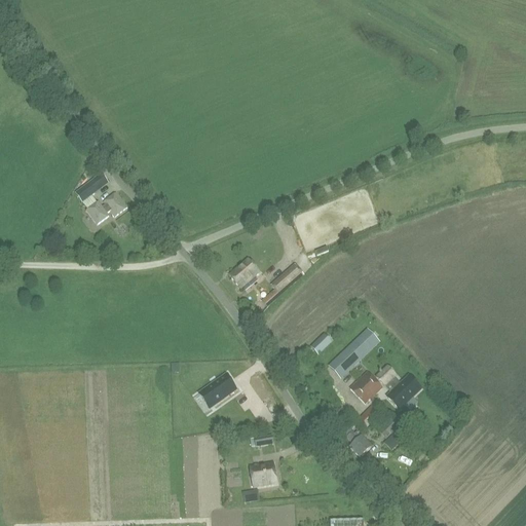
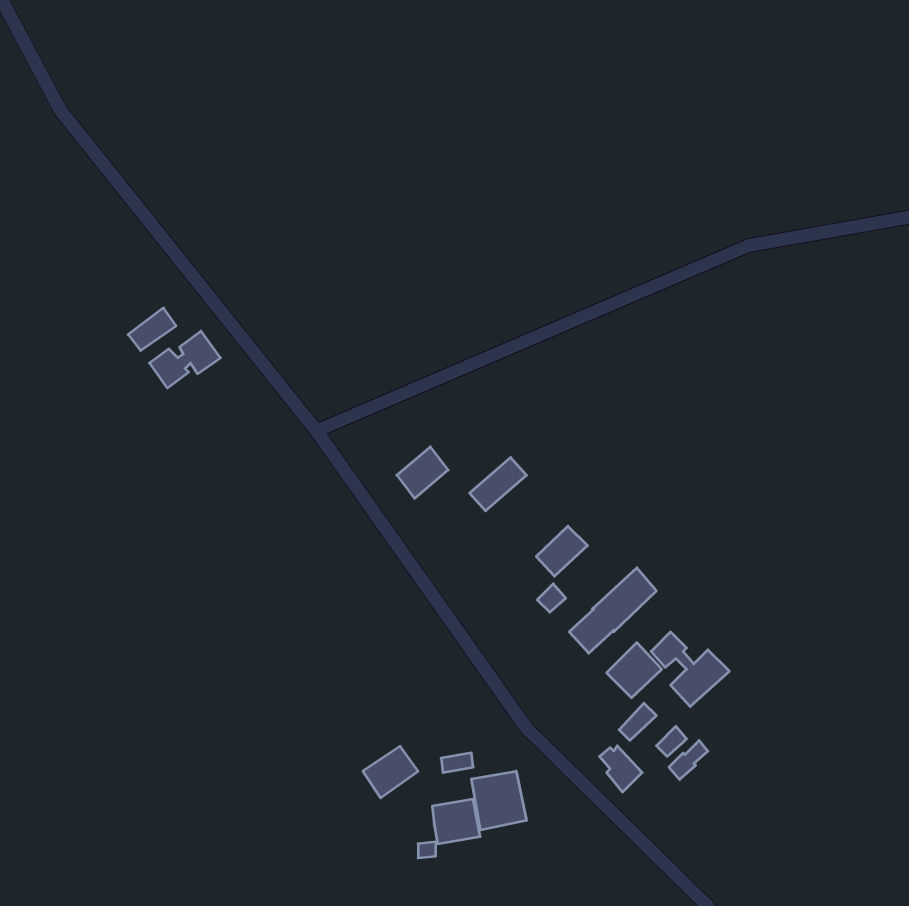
building: none -> [536,526,588,576]
building: [201,374,233,404] -> [363,746,418,798]
building: none -> [472,771,526,830]

